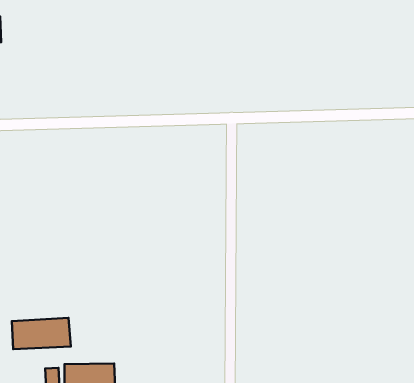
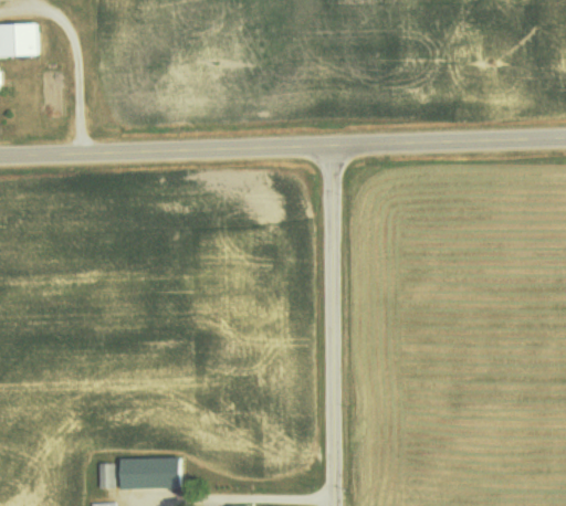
building: [12,318,71,349] -> none

